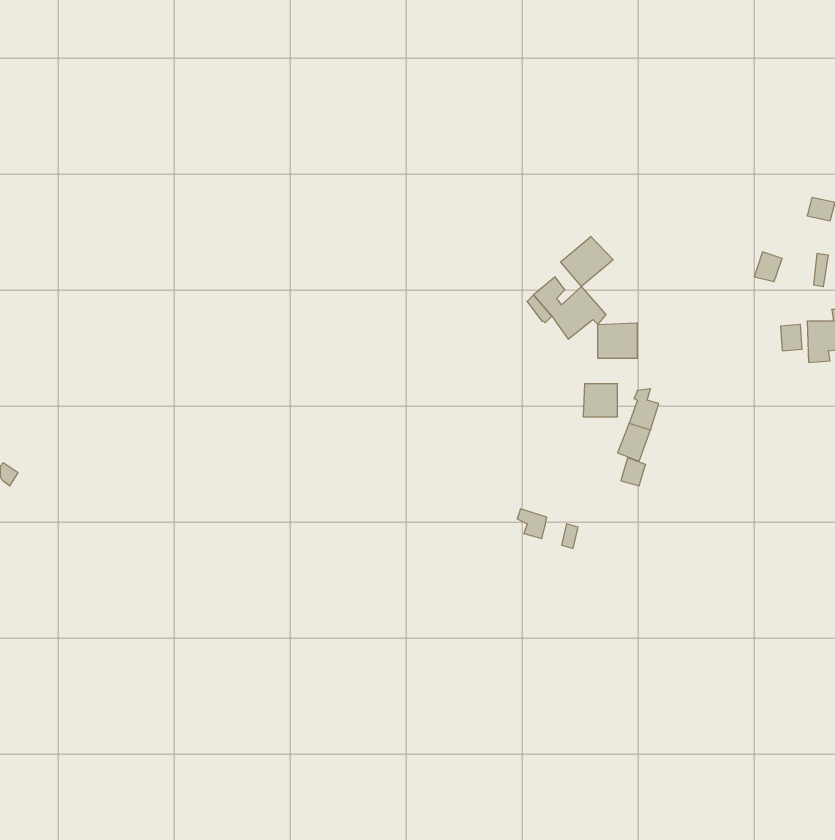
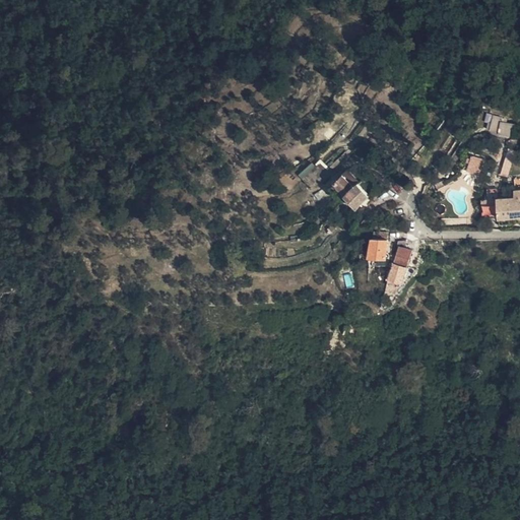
building: [561,236,613,287] -> none
building: [598,323,637,358] -> none

